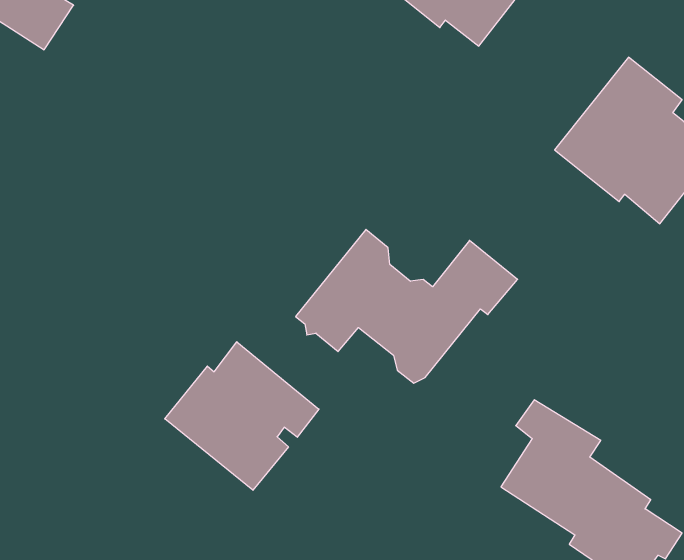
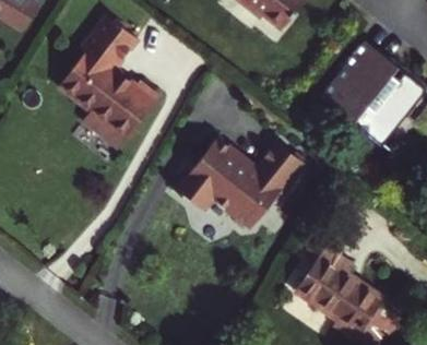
building: none -> [55,19,157,152]
building: [165,342,319,490] -> none

